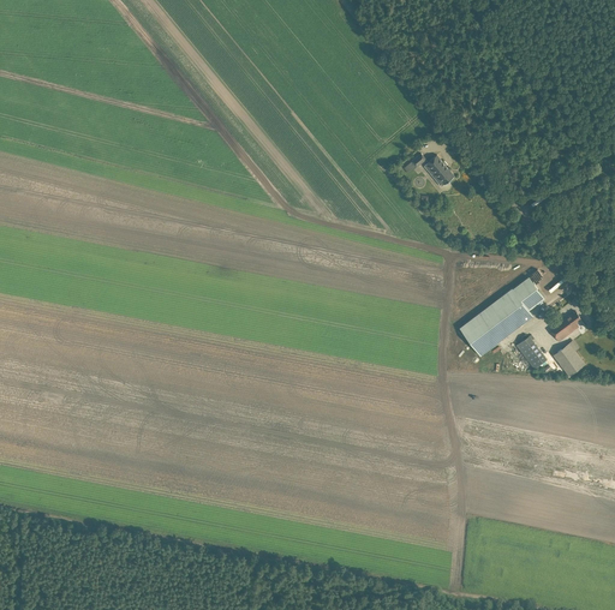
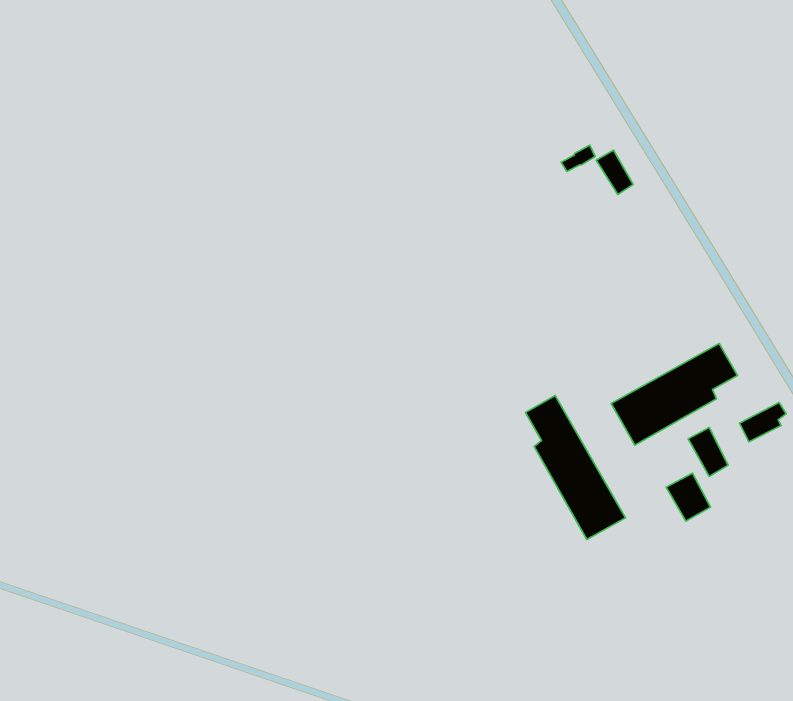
building: none -> [526,396,626,540]
building: [551,343,584,377] -> [666,473,711,521]

